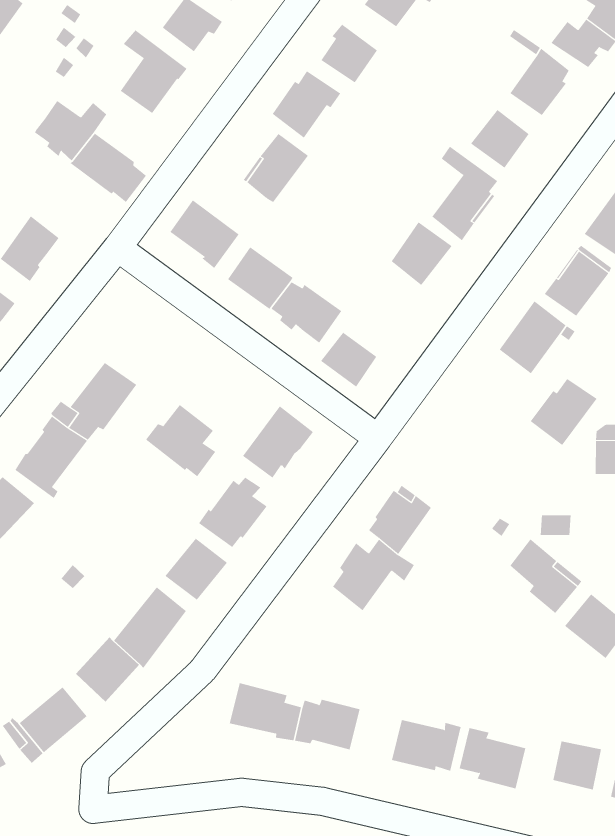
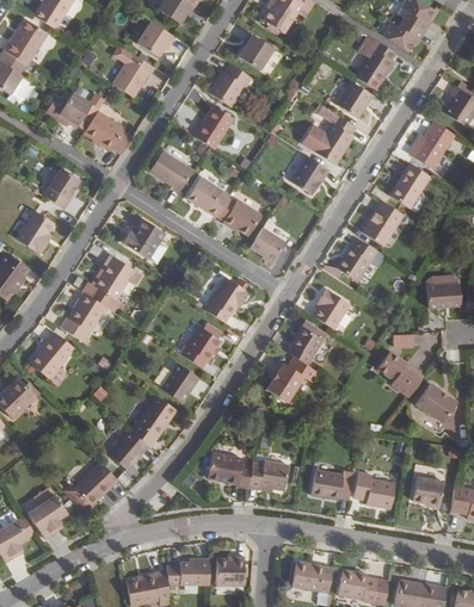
building: [530,378,598,446] -> [334,237,376,280]
building: [145,404,216,477] -> [121,217,166,262]
building: none -> [310,287,349,328]

